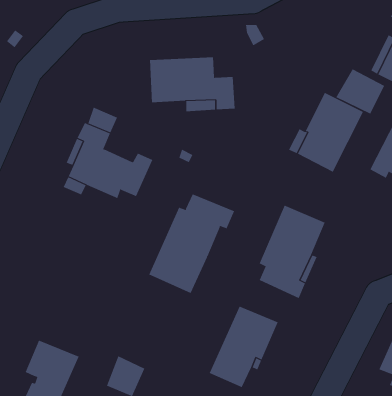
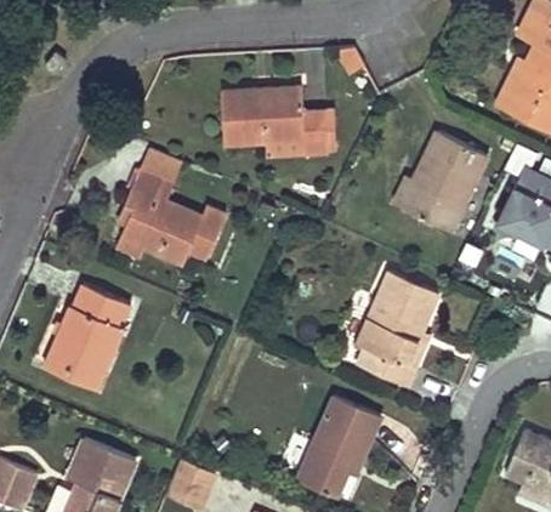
building: [336,68,385,114] -> none
building: [148,193,235,294] -> none
building: none -> [44,283,130,389]

